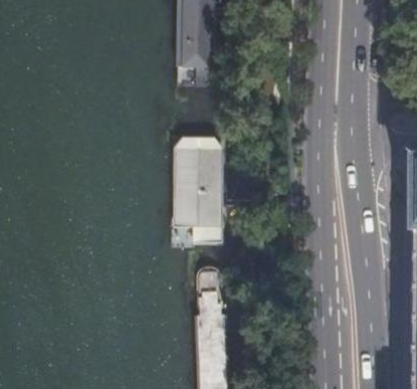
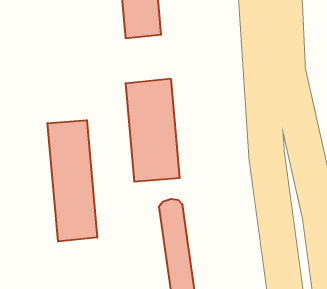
building: none -> [47,120,97,242]

